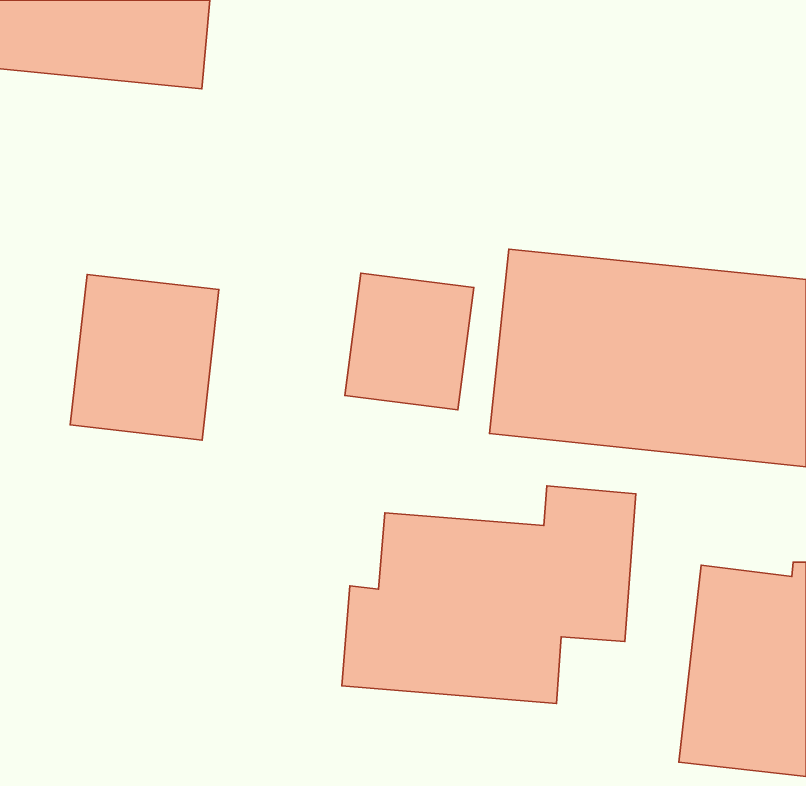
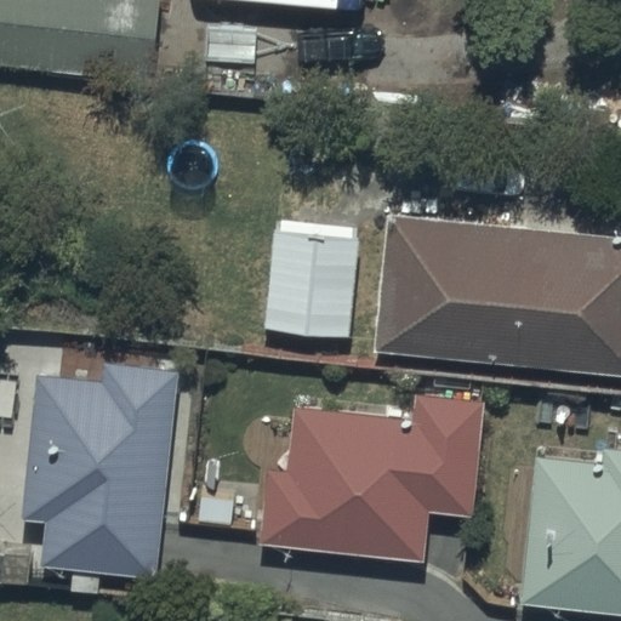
building: [70,274,219,440] -> none
building: none -> [29,358,178,574]

